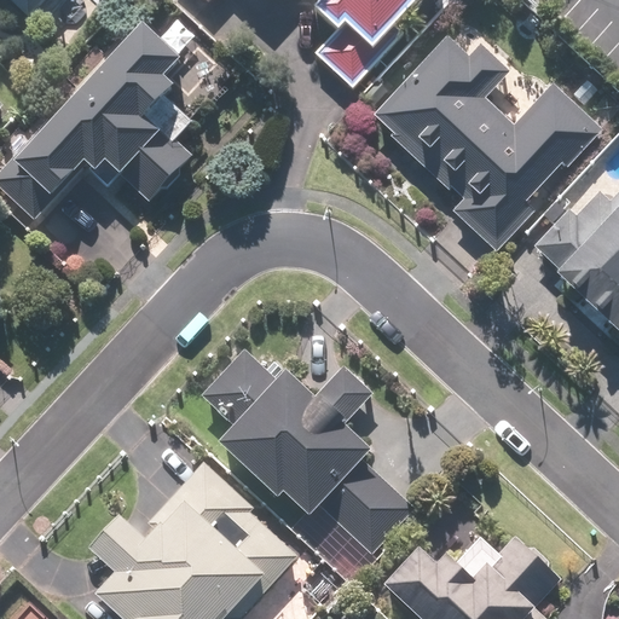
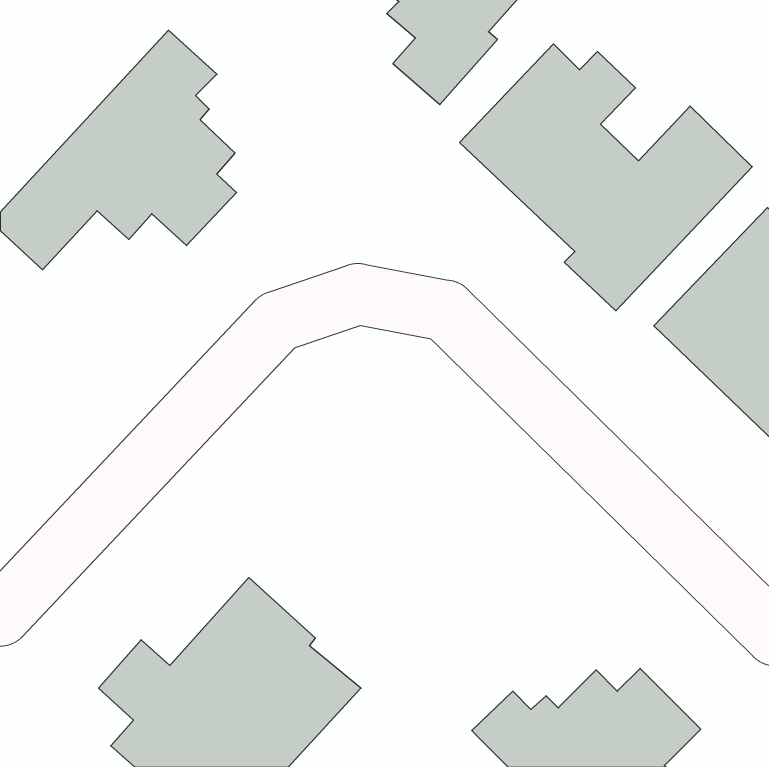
building: [201,349,416,555] -> none

